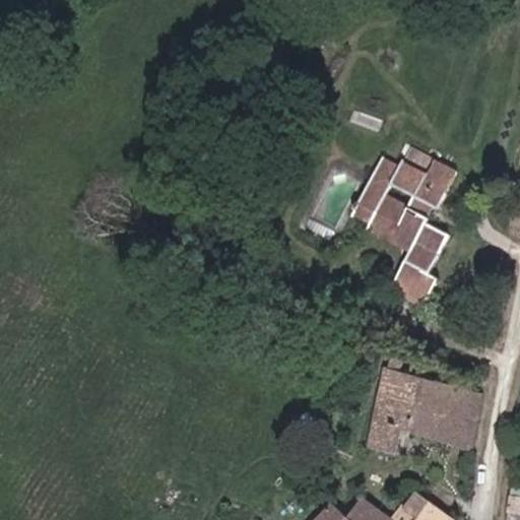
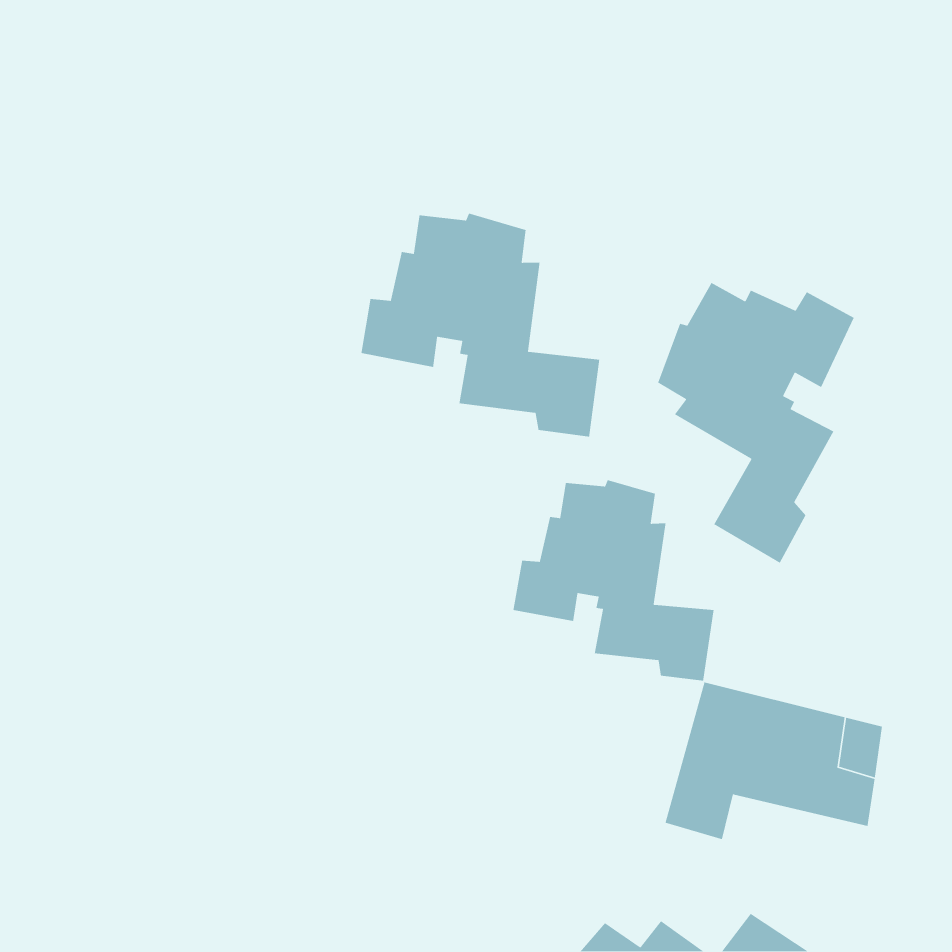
building: none -> [361,213,600,438]
building: none -> [513,479,714,681]

